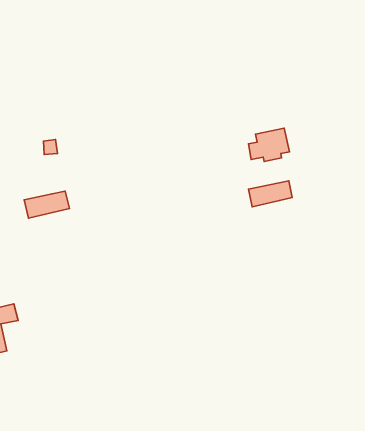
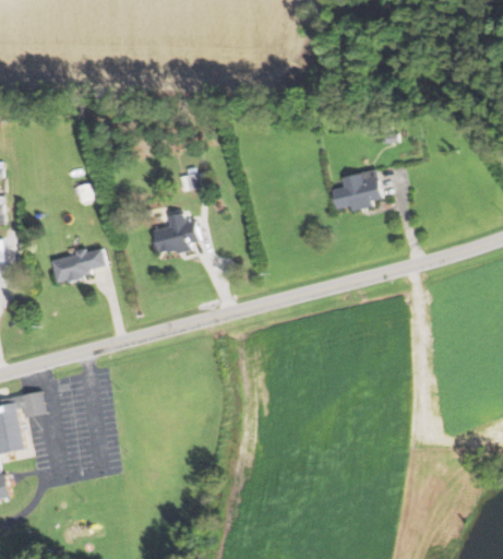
building: none -> [156,215,201,255]
building: [249,181,292,207] -> none

